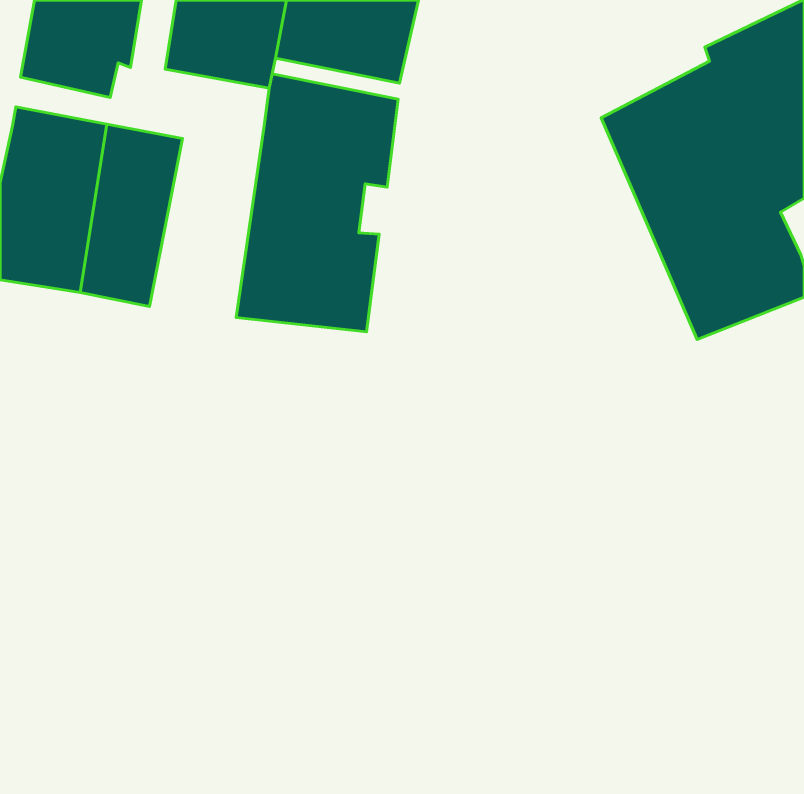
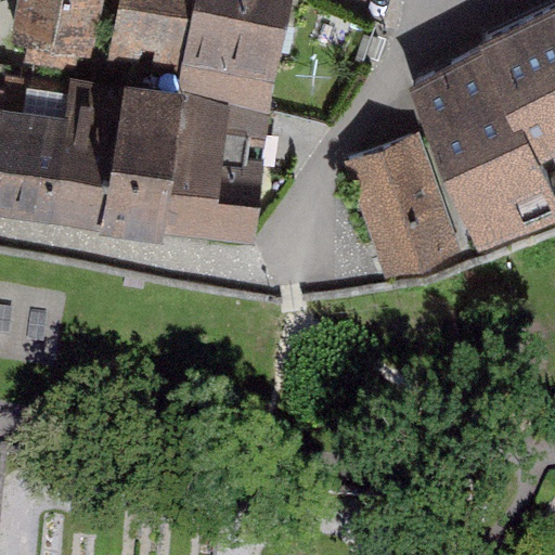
building: none -> [106,86,182,225]
building: none -> [353,141,455,273]

